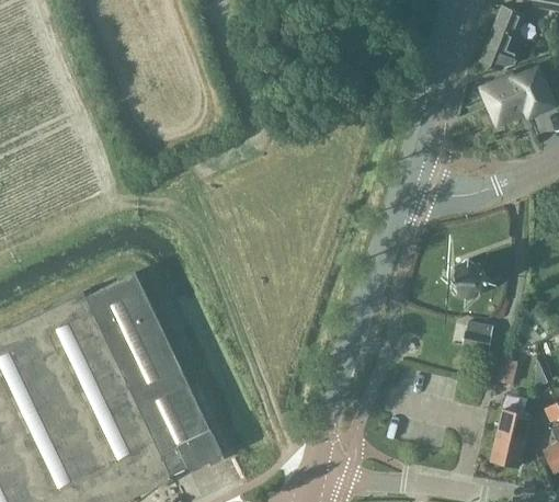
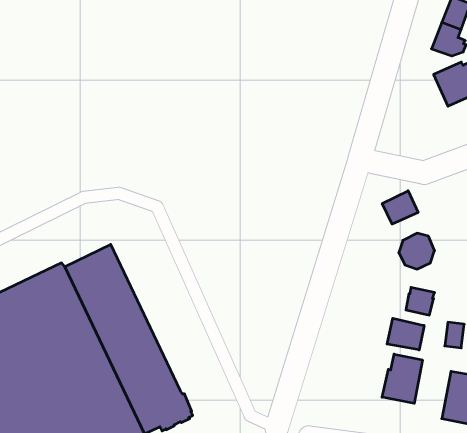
building: none -> [382,191,418,224]
building: none -> [387,318,424,350]
building: none -> [382,354,422,403]

